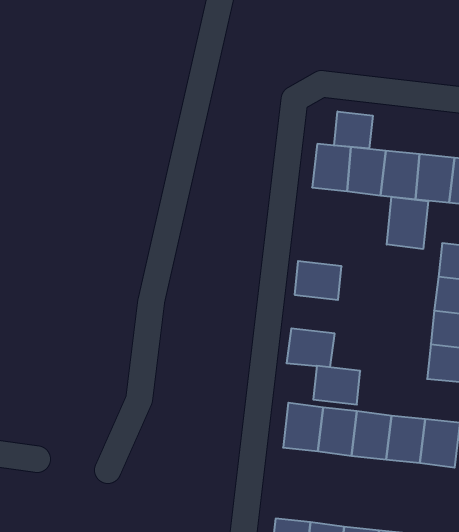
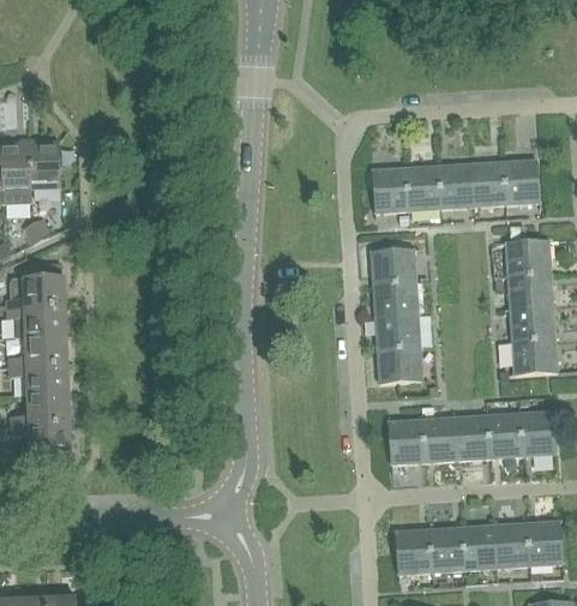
building: [334,111,373,149] -> none
building: [387,197,428,249] -> none
building: none -> [371,250,415,284]
building: [313,366,360,405] -> [375,314,420,349]

